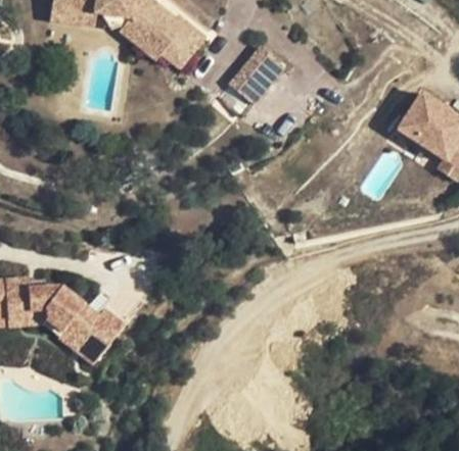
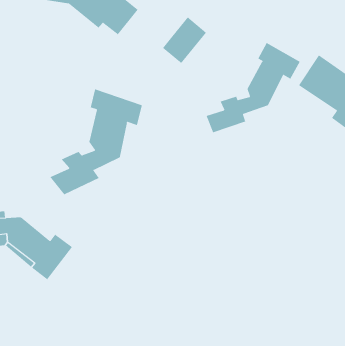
building: none -> [206,42,300,133]
building: none -> [49,89,142,195]

